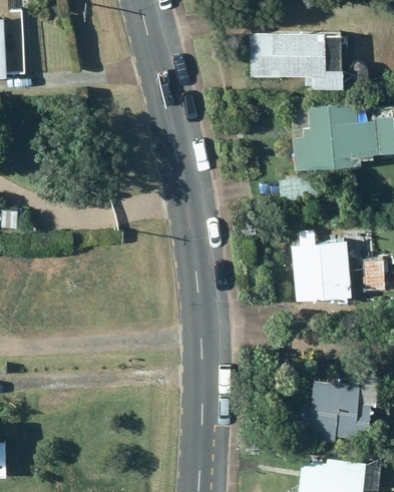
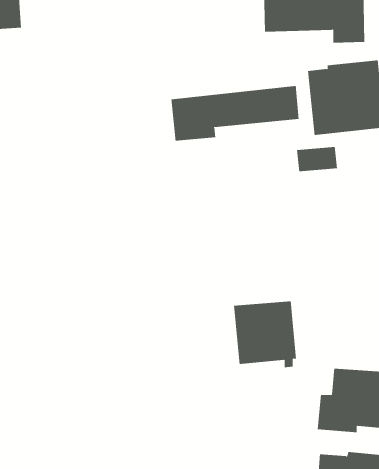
building: none -> [171,85,299,142]
building: [293,243,351,305] -> [233,301,297,368]

